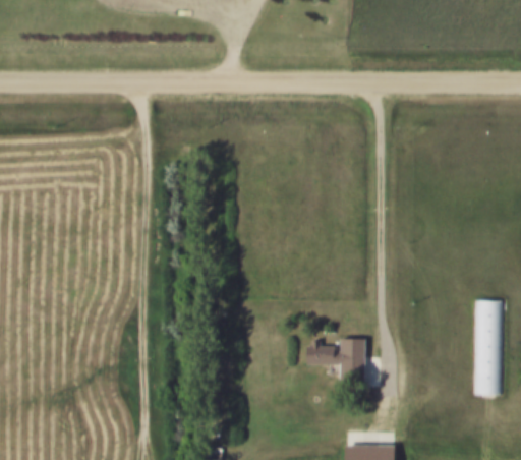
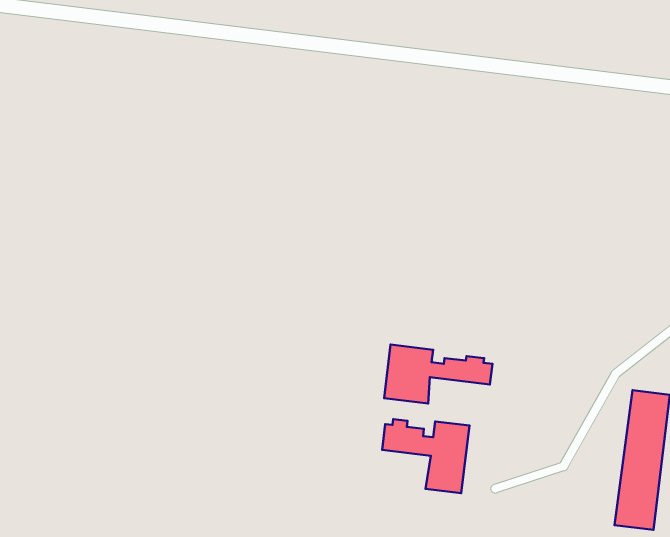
building: none -> [384,344,492,403]

